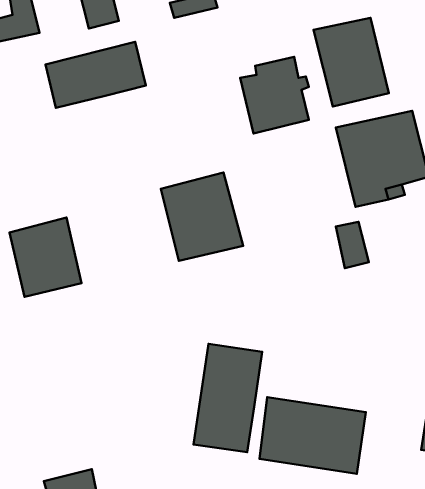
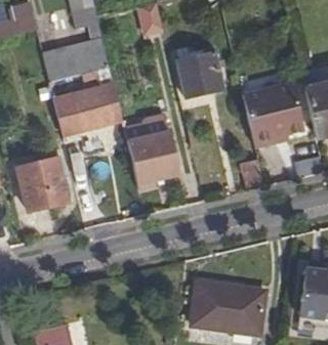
building: [314,18,389,107] -> none
building: none -> [54,66,125,145]
building: [193,344,262,452] -> none

